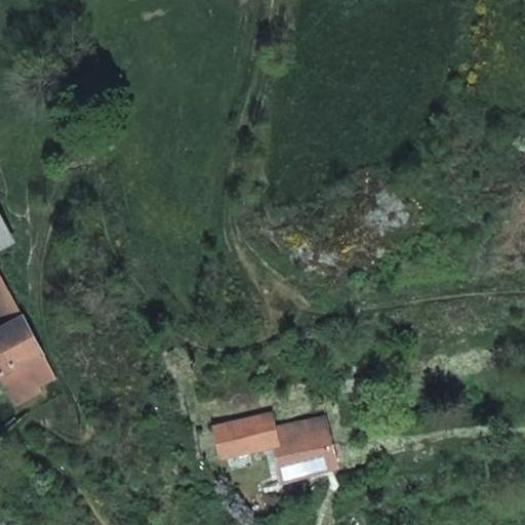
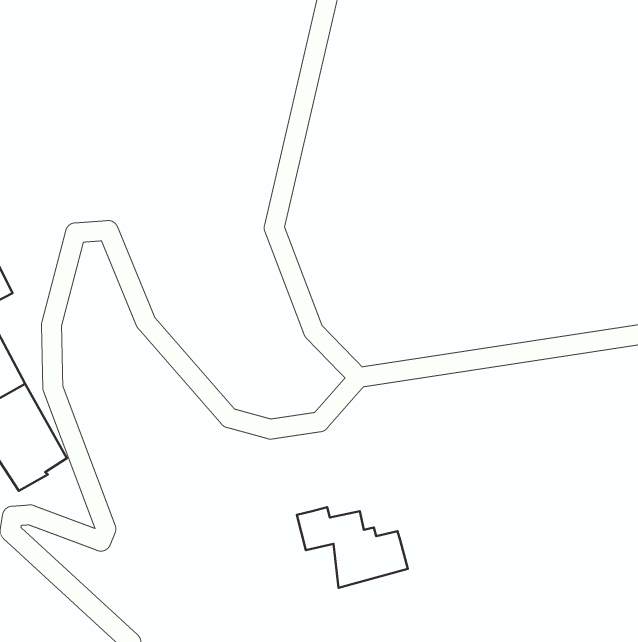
building: [211,419,249,456] -> none

